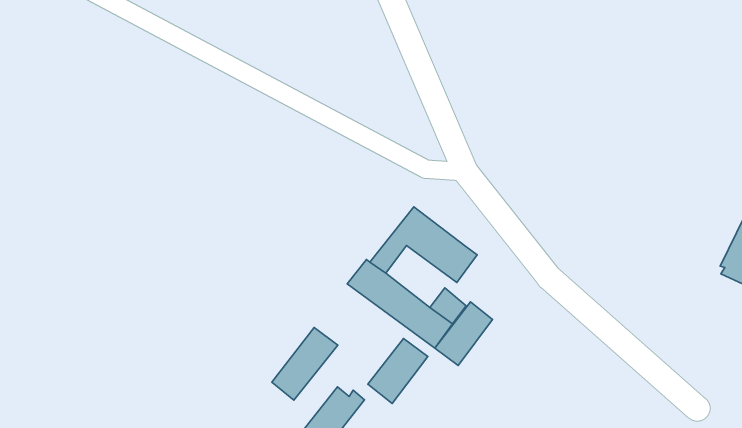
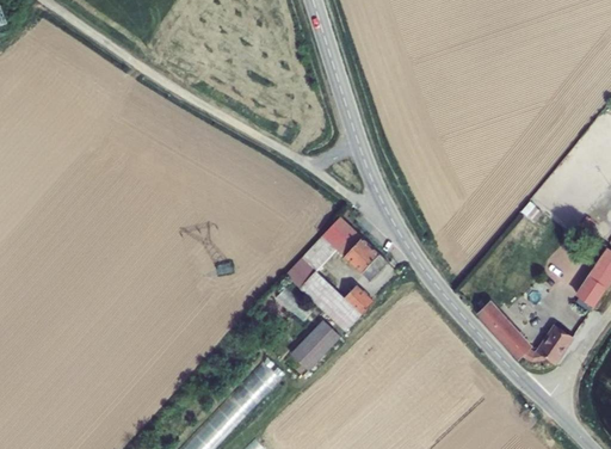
building: none -> [480,299,579,359]
building: [435,302,492,365] -> none
building: [272,327,338,400] -> none

